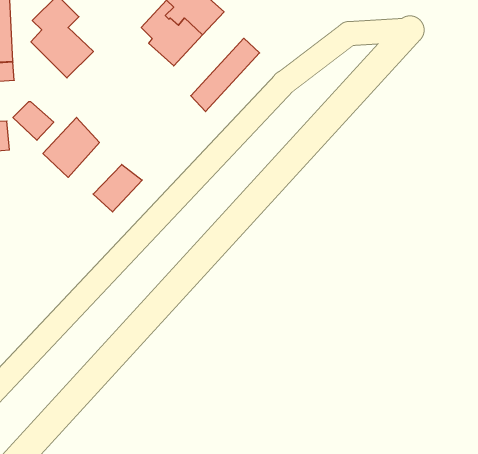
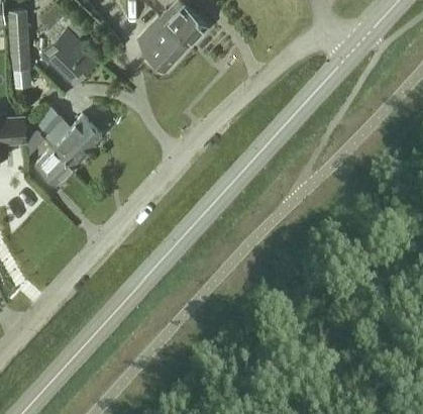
building: [191,38,260,112] -> none
building: none -> [35,146,75,187]
building: [93,164,142,212] -> none

